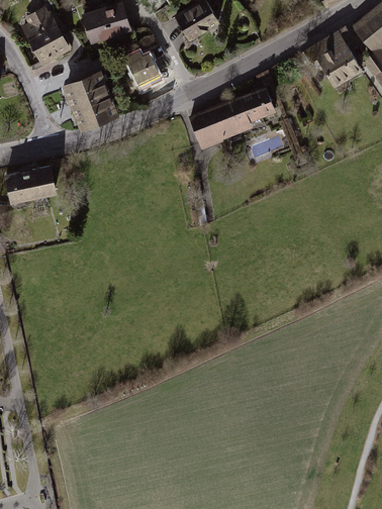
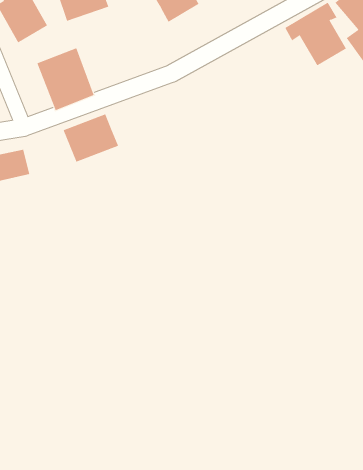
building: [124,49,159,83] -> none
building: [188,85,277,148] -> none
building: none -> [63,113,119,162]

